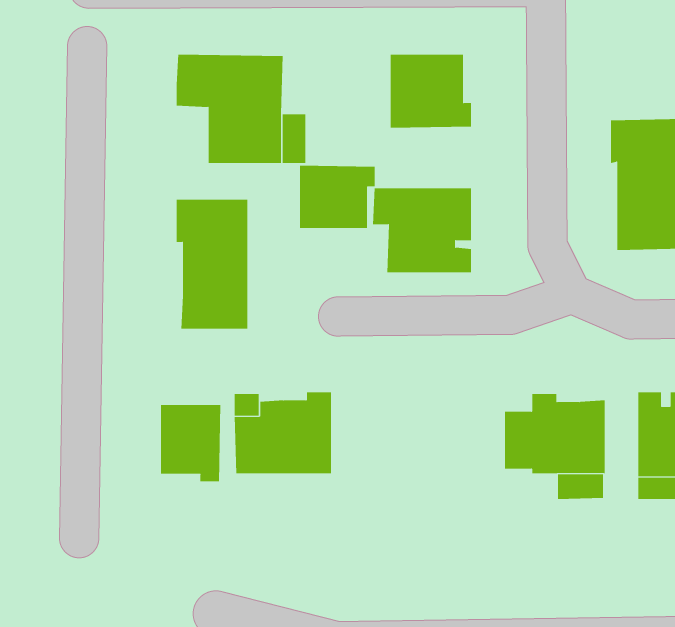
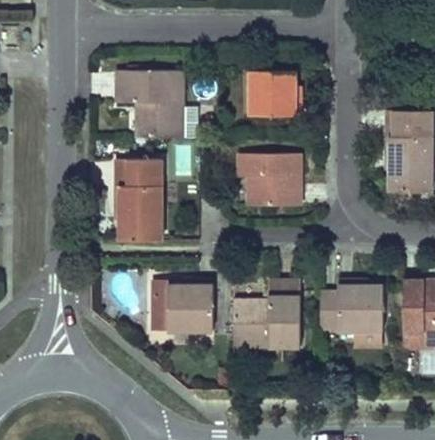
building: [299,165,375,229] -> none
building: none -> [233,279,300,346]
building: [161,404,221,482] -> none

